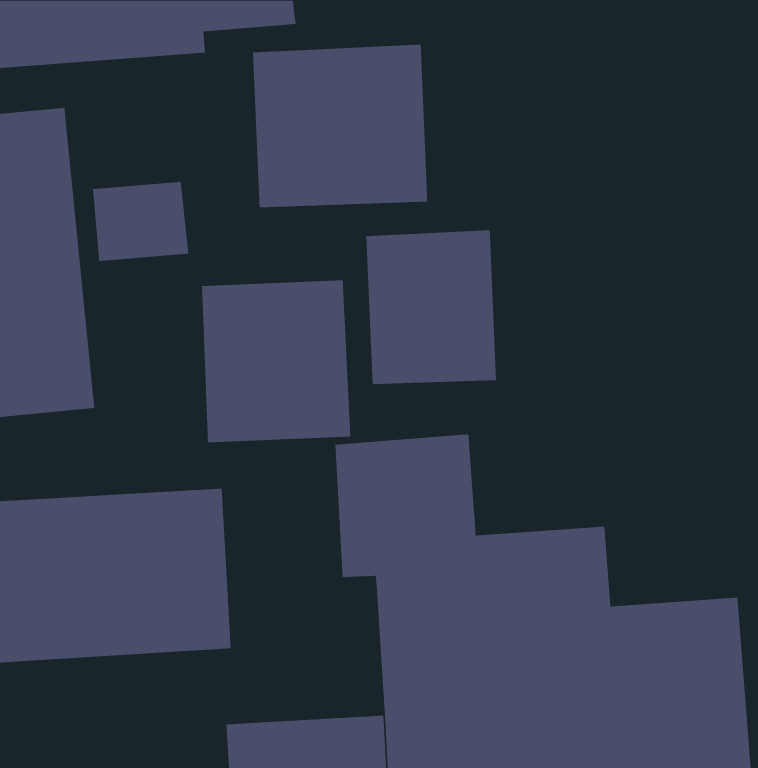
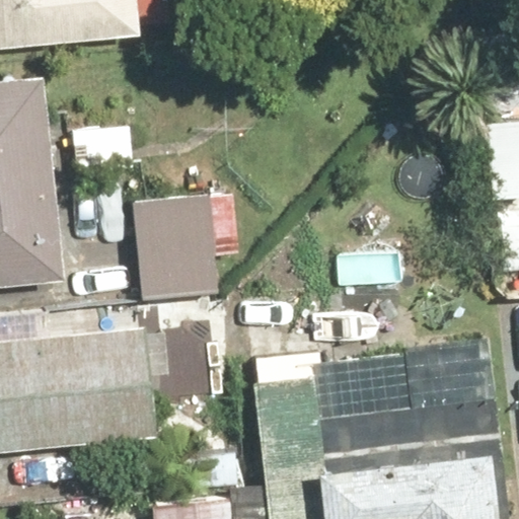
building: [253,44,428,208] -> none
building: [366,230,496,385] -> none

